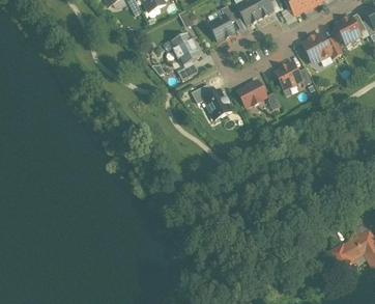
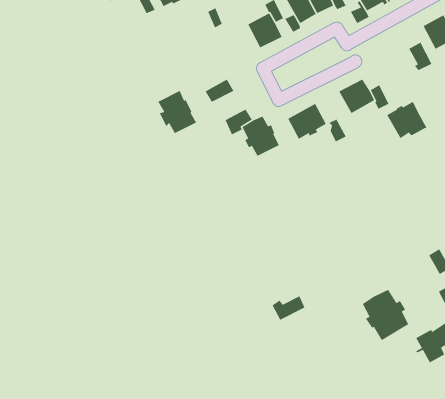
building: [171,32,200,64] -> [157,90,197,134]
building: [301,32,331,60] -> [386,101,427,139]
building: none -> [362,289,409,341]

